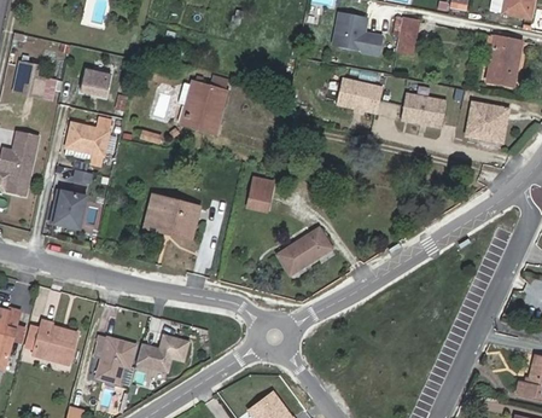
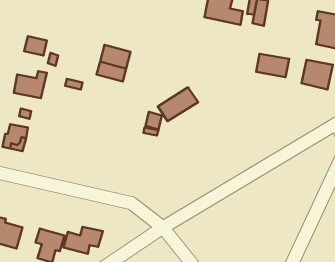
building: [338,79,384,112] -> none
building: [144,193,202,239] -> none
building: [276,227,332,274] -> [158,87,198,121]

